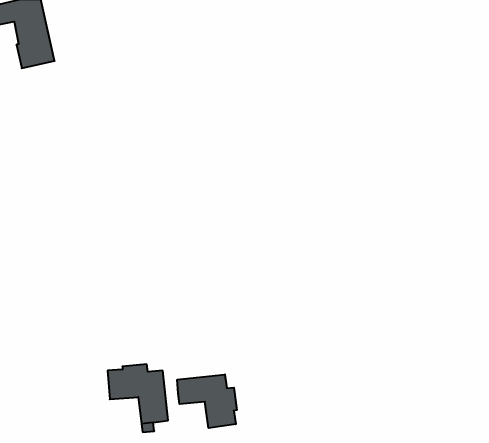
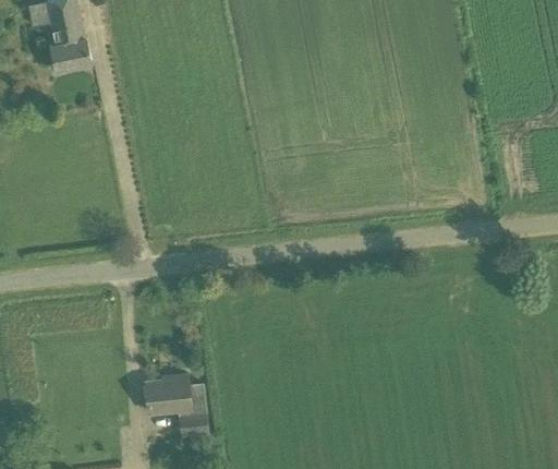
building: [177,374,237,428] -> none

